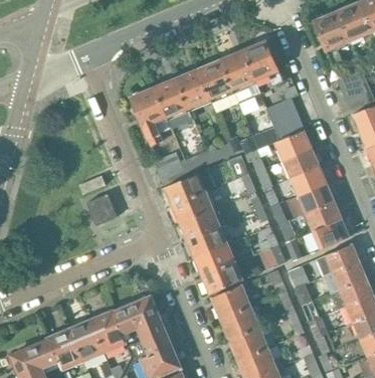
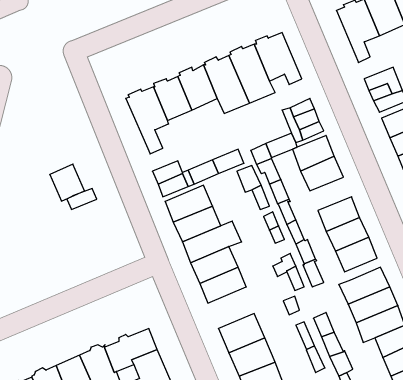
building: [290,166,326,195] -> none
building: [86,194,117,226] -> [50,164,85,201]
building: [201,261,242,294] -> none

